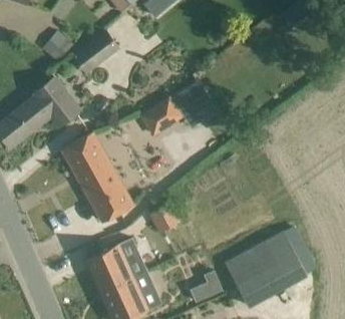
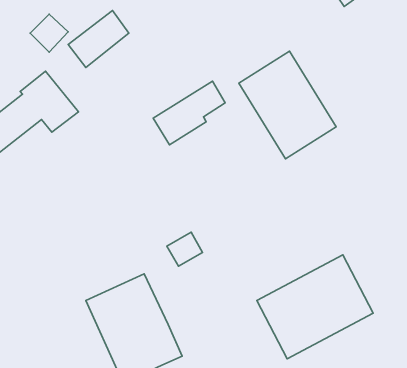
building: none -> [239,51,336,159]
building: [62,132,131,222] -> none
building: [191,271,223,302] -> none

